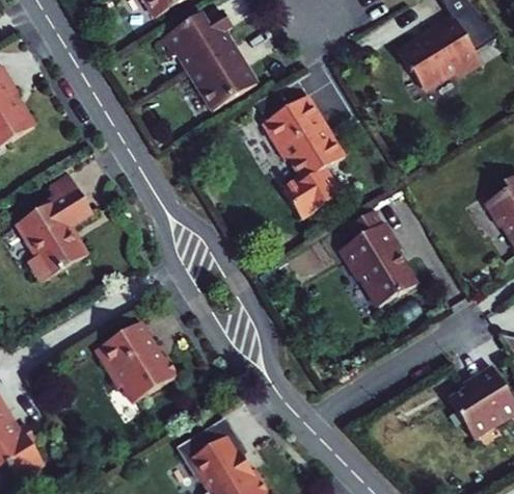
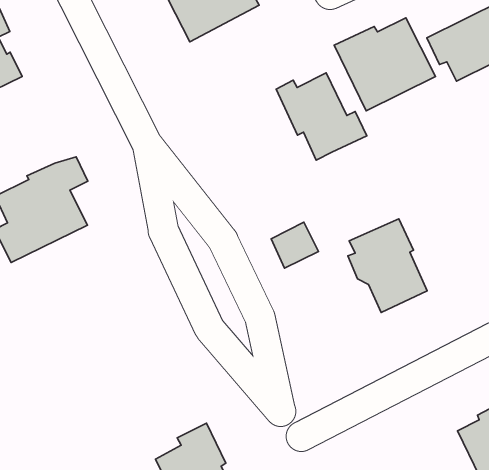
building: none -> [334,18,435,111]
building: [179,38,261,112] -> none
building: [287,164,330,207] -> [271,222,319,268]
building: [96,313,172,412] -> none

